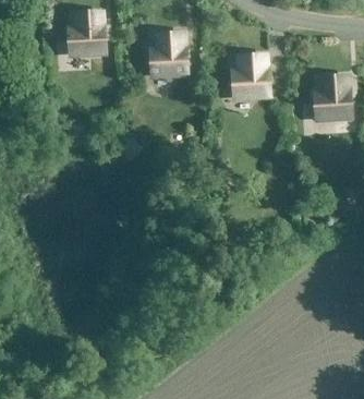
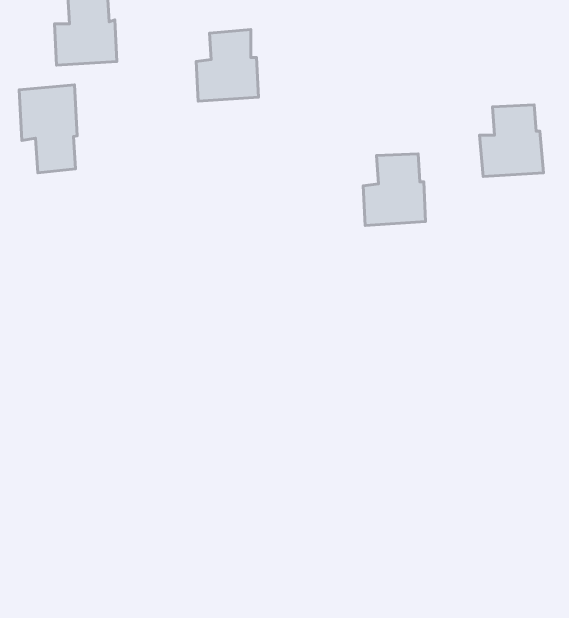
building: [230,57,266,98] -> [363,154,426,225]
building: none -> [19,85,77,173]

